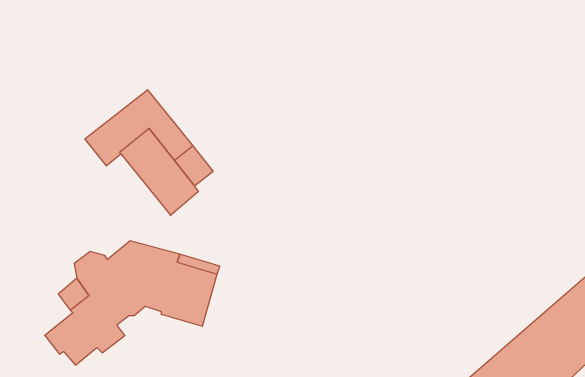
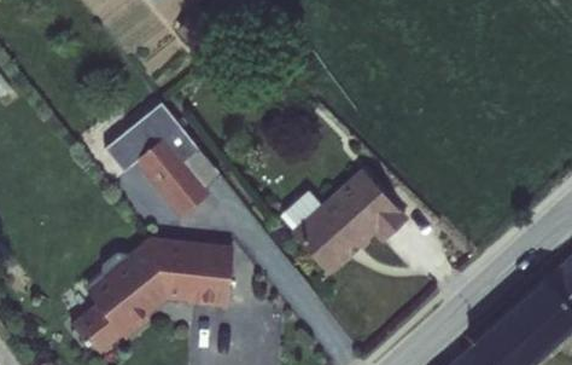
building: none -> [282,172,408,276]

